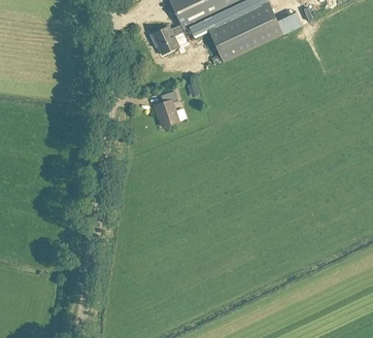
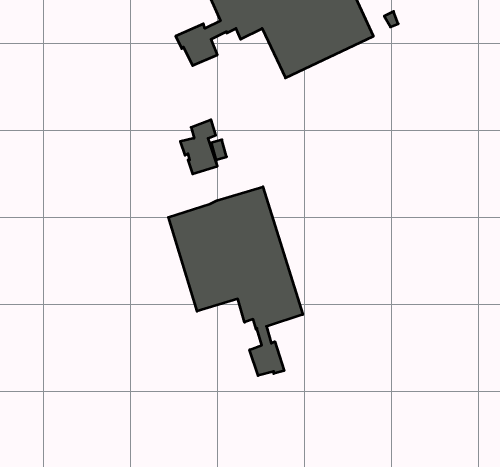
building: none -> [168,187,303,376]

